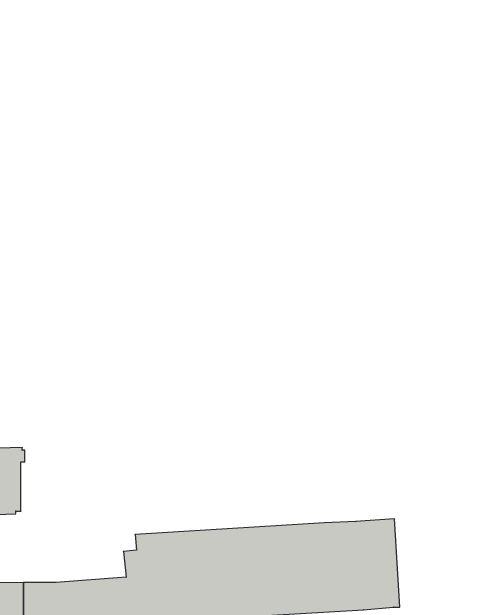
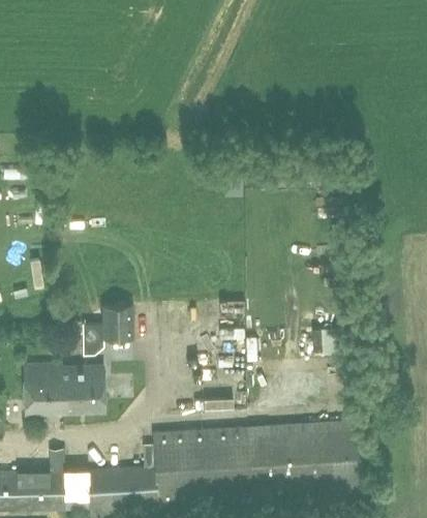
building: none -> [82,301,132,352]
building: none -> [61,361,104,410]

